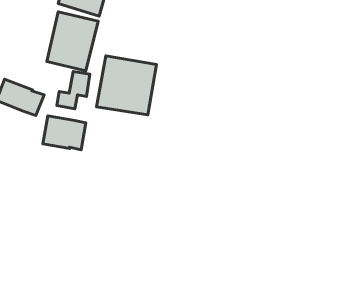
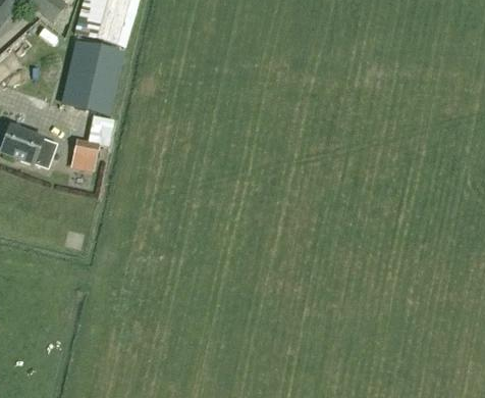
building: [97,56,156,115] -> none
building: [43,116,86,150] -> none

